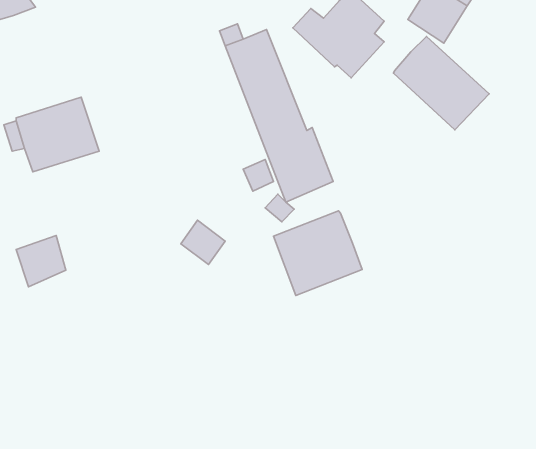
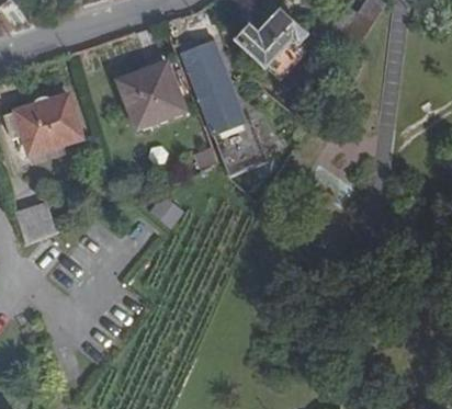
building: [394,37,489,130] -> none
building: none -> [116,63,185,129]
building: [274,211,362,296] -> none

